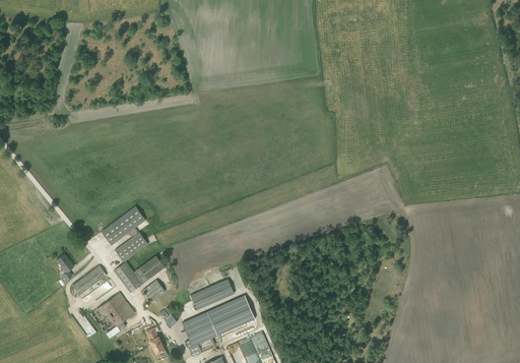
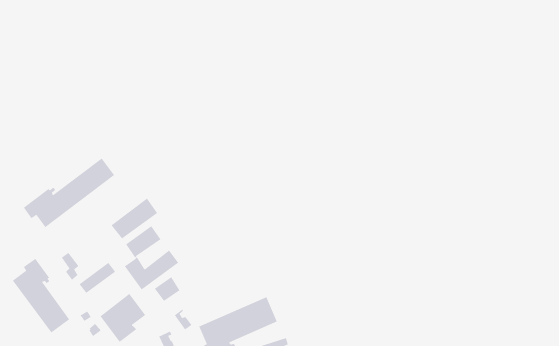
building: none -> [23,158,115,228]
building: none -> [12,258,70,333]
building: [190,279,234,309] -> none

